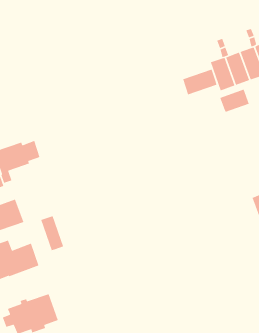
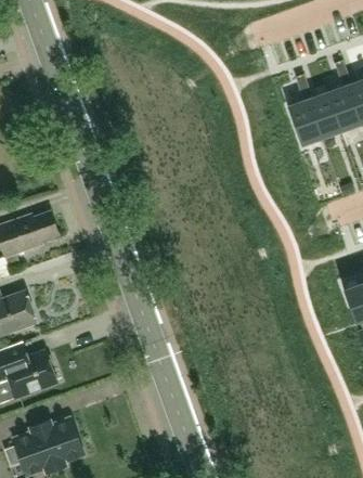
building: [182,68,218,96] -> none
building: [219,89,250,113] -> none
building: [40,215,64,251] -> none

